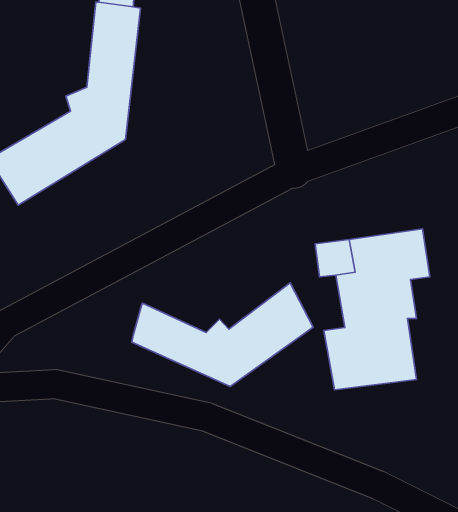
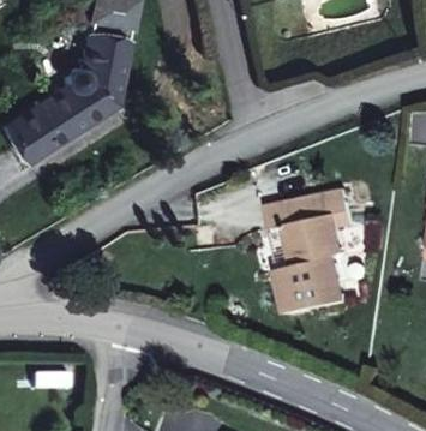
building: [132,283,313,386] -> none

